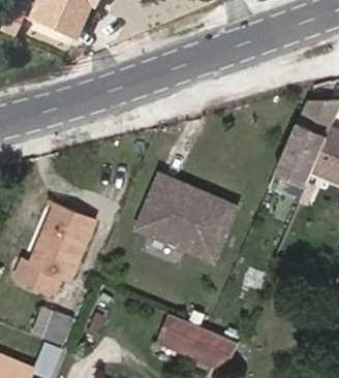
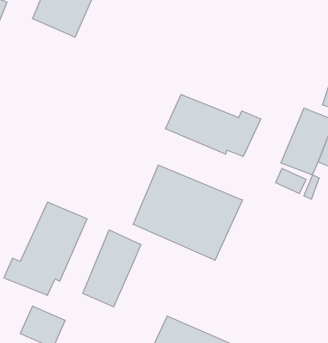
building: none -> [166,94,261,157]
building: none -> [83,230,141,307]

